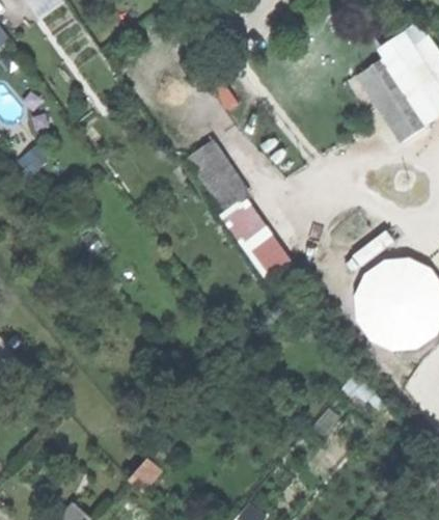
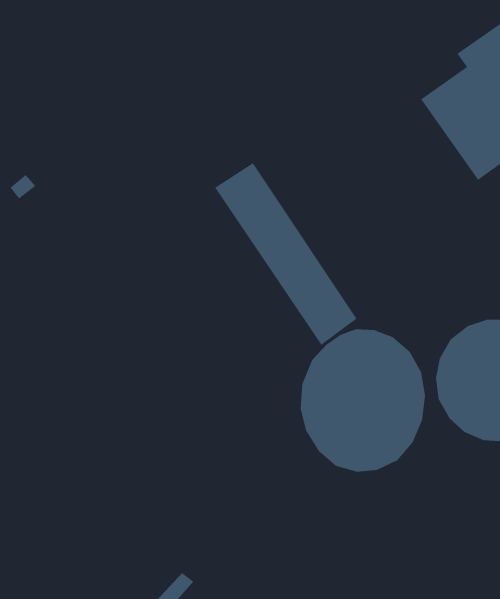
building: none -> [300,329,426,472]

